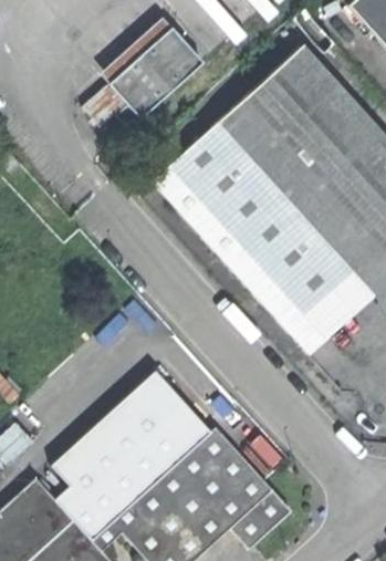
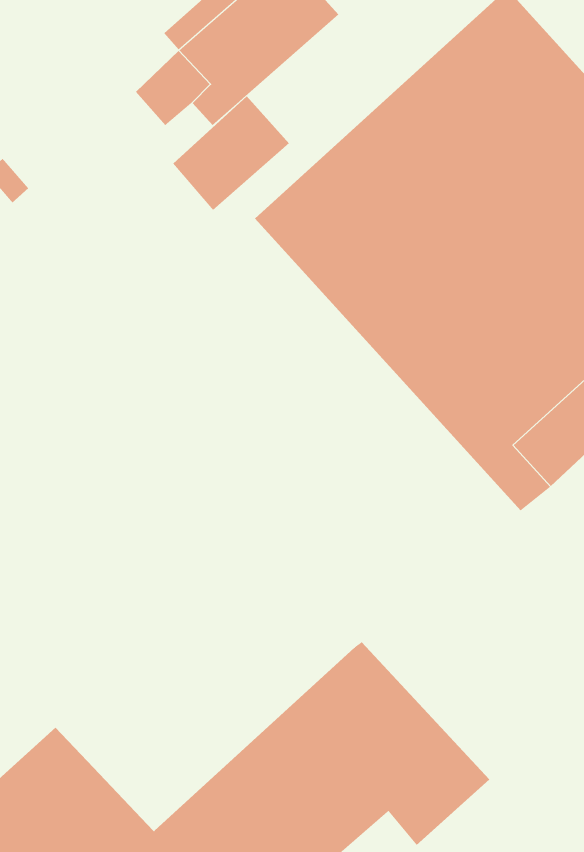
building: none -> [172,96,290,211]
building: [52,371,212,540] -> none

